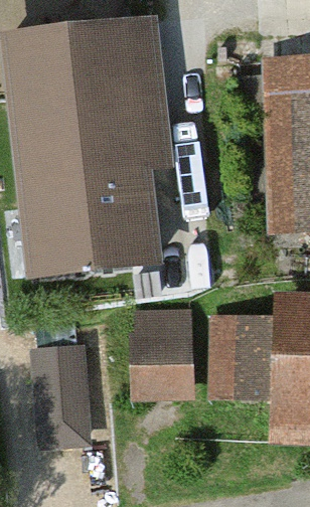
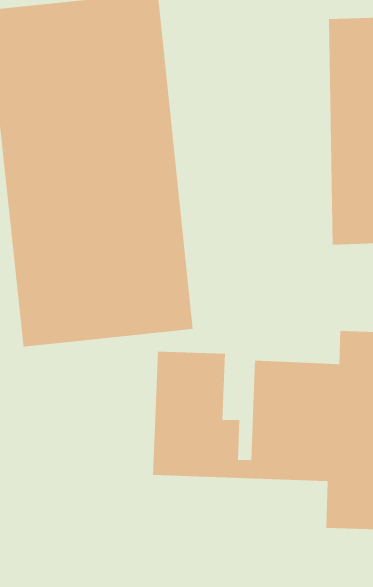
building: [27,343,90,458] -> none

